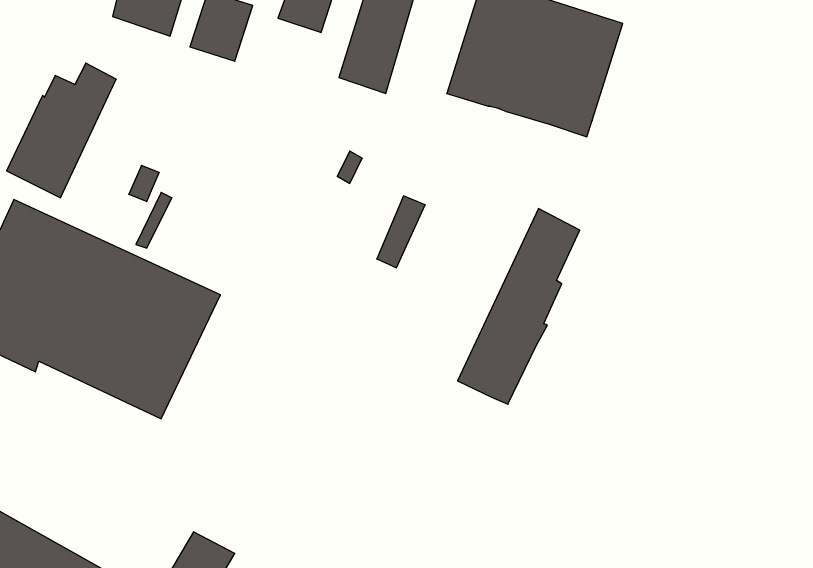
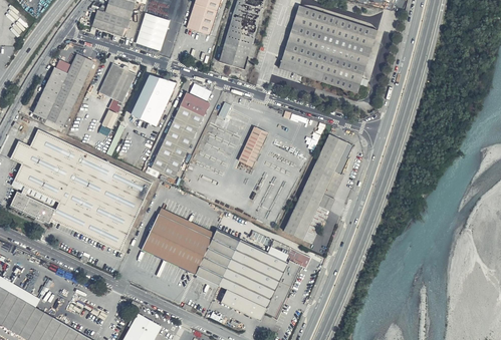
building: none -> [97,63,136,102]
building: none -> [130,74,177,125]
building: none -> [151,91,209,179]
building: none -> [141,208,310,321]

